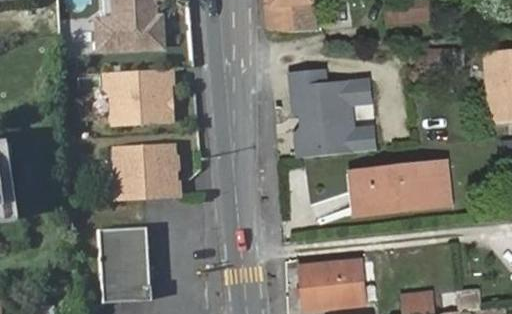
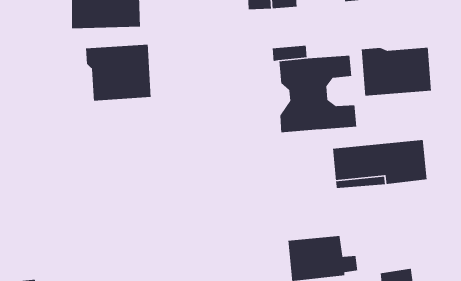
building: none -> [361,47,432,97]
building: [115,143,180,201] -> none
building: [97,224,147,301] -> none

